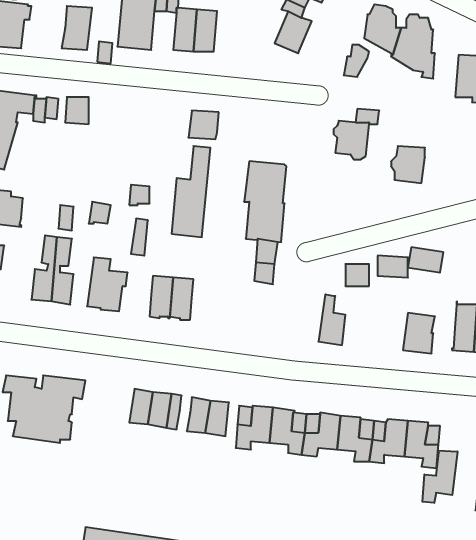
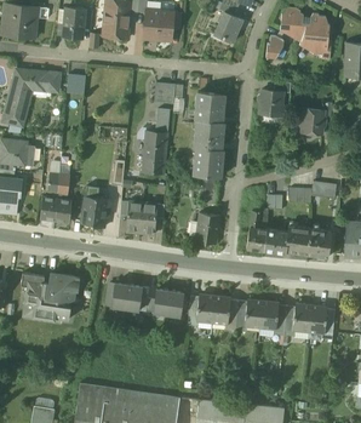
building: none -> [196,92,225,121]
building: none -> [195,212,220,244]
building: none -> [264,224,311,255]
building: [422,450,457,503] -> none

